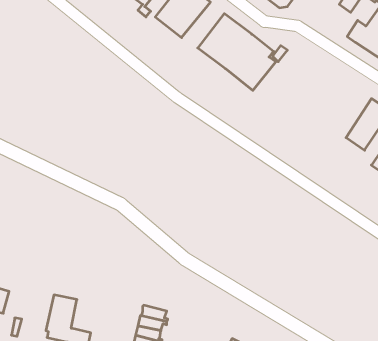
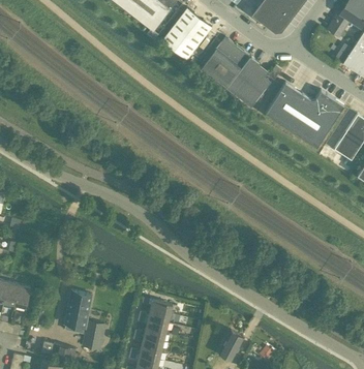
building: none -> [265,83,344,148]

